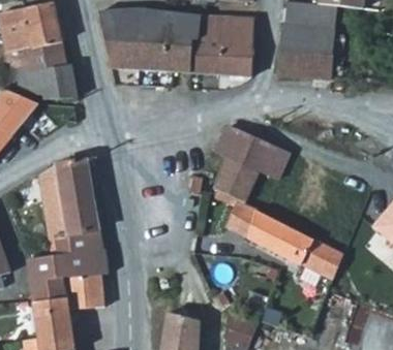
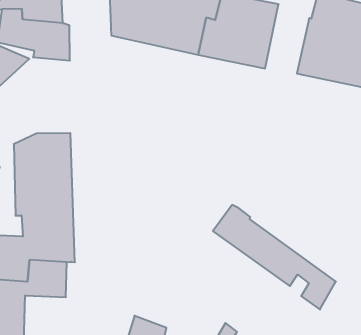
building: [215,126,291,202] -> none

